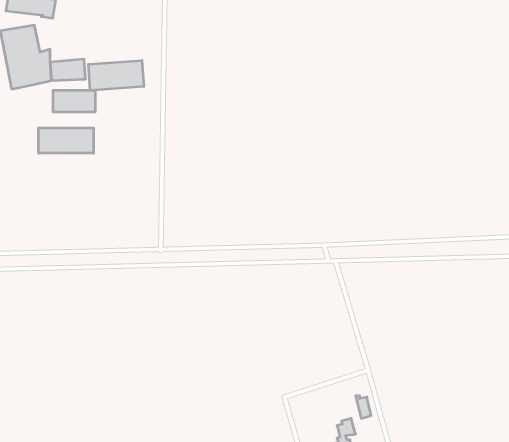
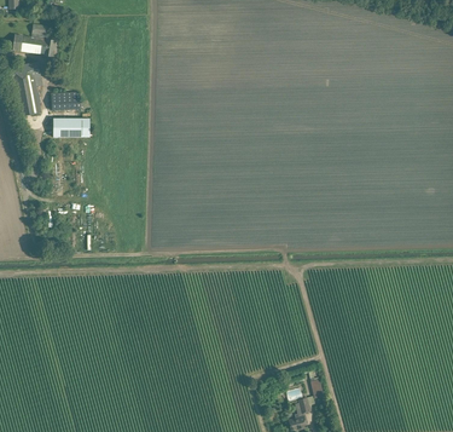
building: [88,60,144,90] -> none
building: [39,128,94,153] -> none

